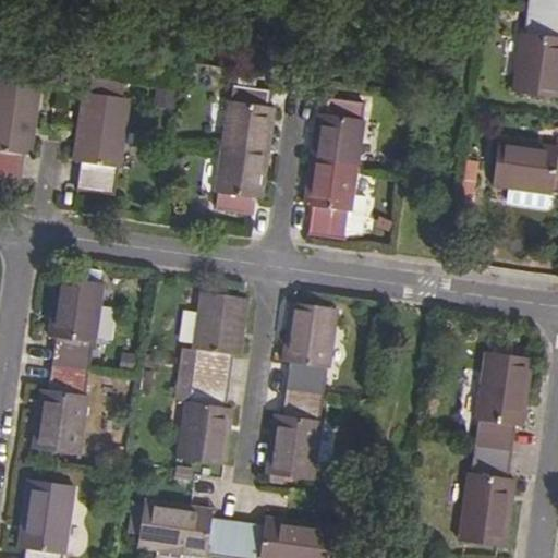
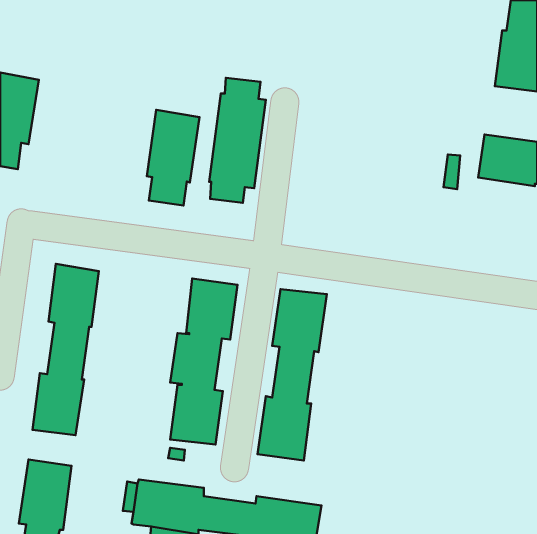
building: [74,92,129,191] -> [147,110,199,206]
building: [307,97,367,229] -> none
building: [461,360,532,553] -> none

